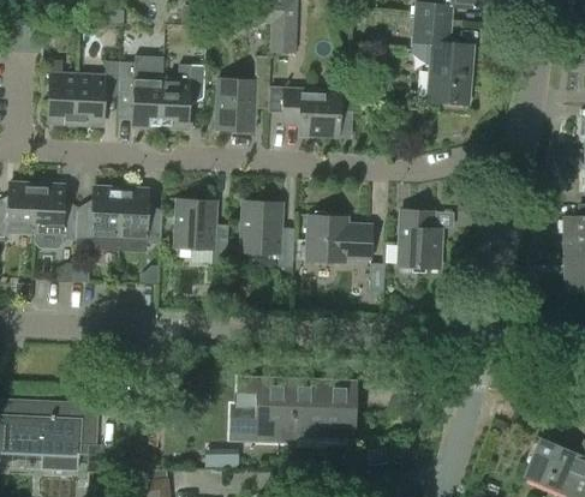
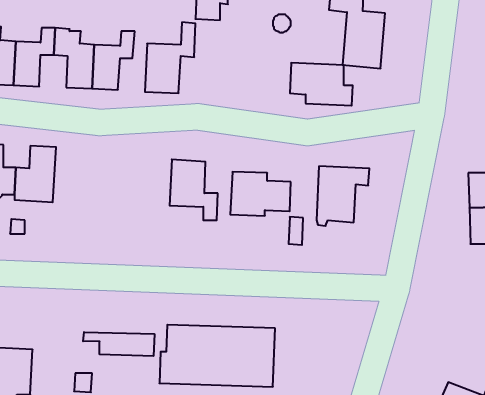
building: [281,90,348,136] -> [290,63,353,106]
building: [117,188,161,248] -> none
building: [175,198,227,264] -> none
building: none -> [83,332,154,356]

